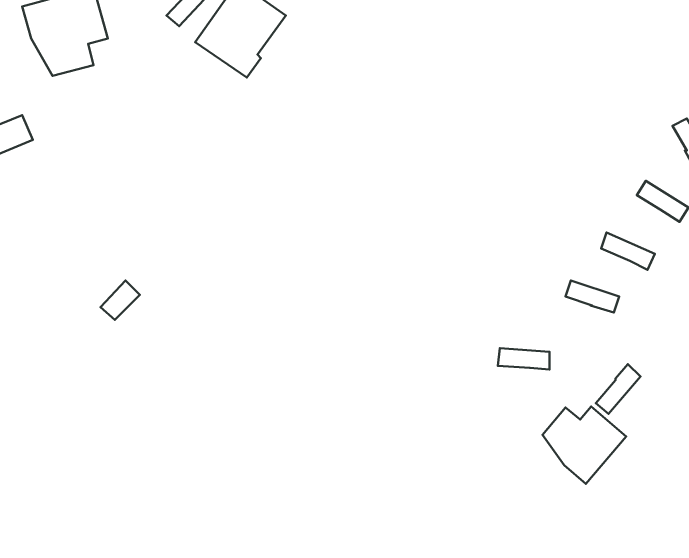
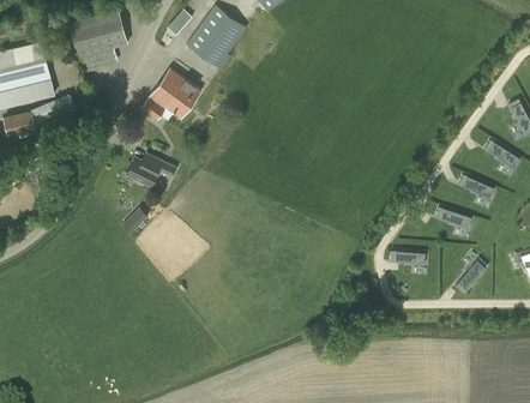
building: none -> [139,68,200,120]
building: none -> [125,151,176,187]
building: [543,407,626,484] -> none

